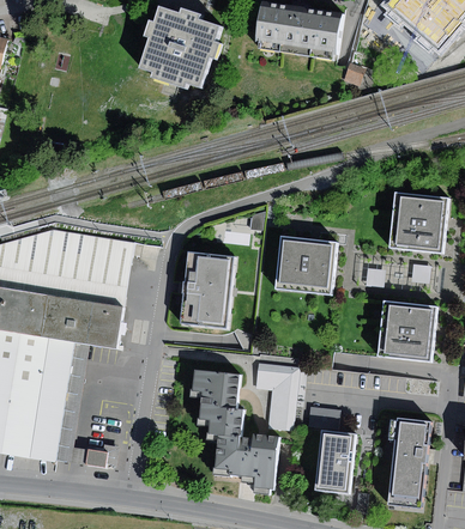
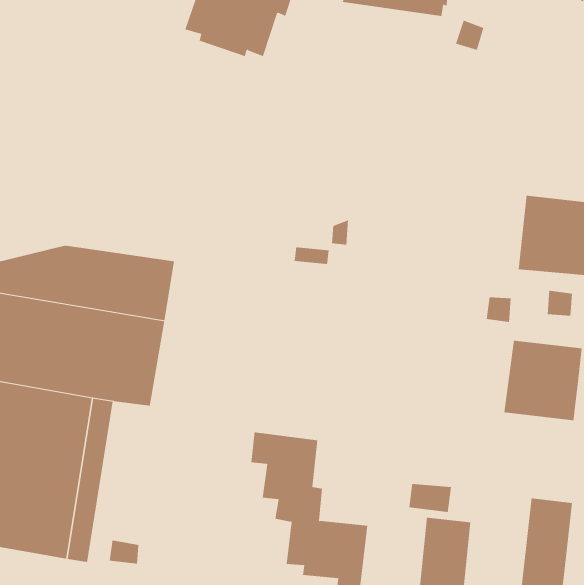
building: [274,237,336,294] -> none
building: [181,250,235,327] -> none
building: [255,363,298,428] -> none

